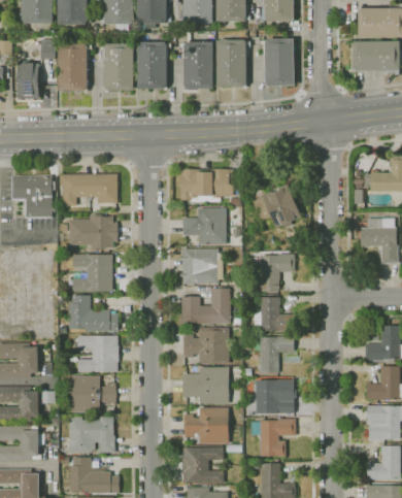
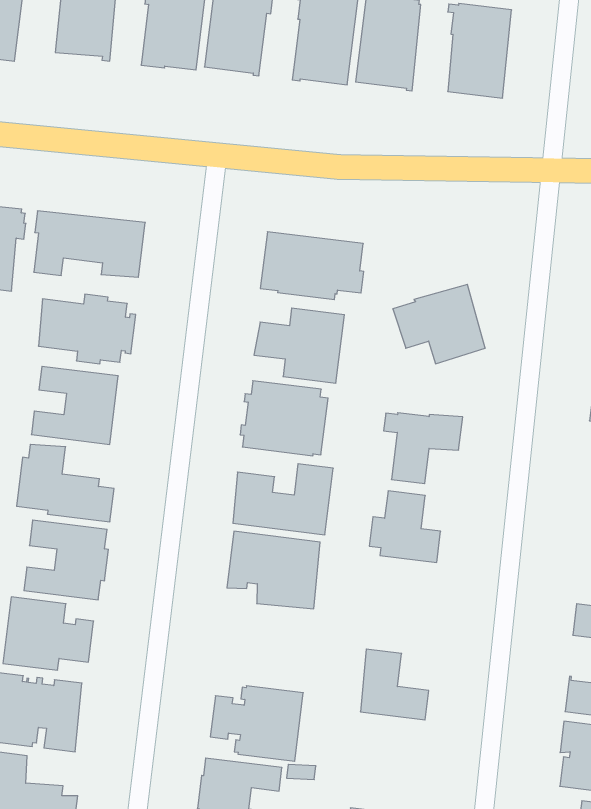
building: [252,336,294,373] -> none
building: [183,367,228,403] -> none
building: [249,419,295,457] -> none

